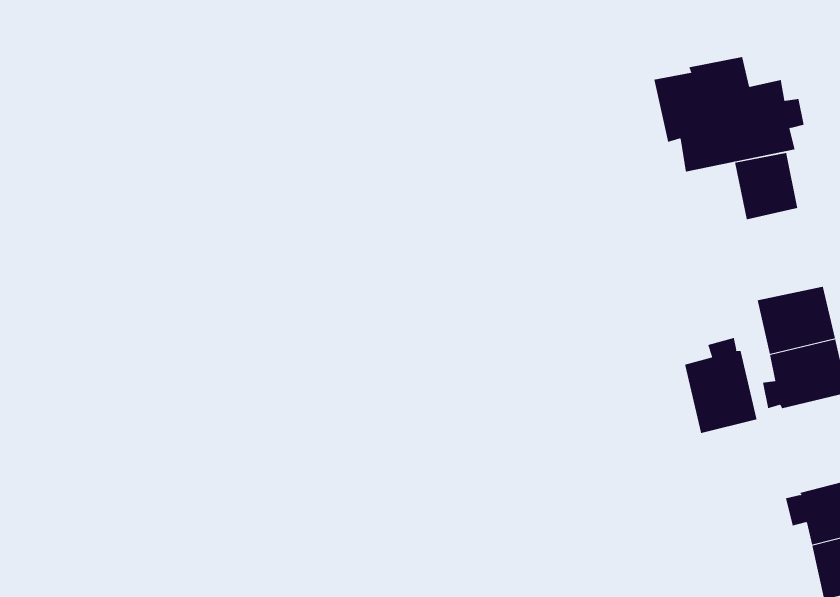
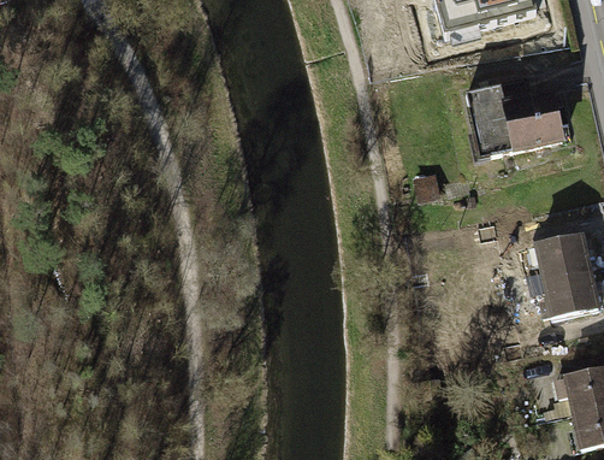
building: [734,152,798,220] -> none
building: [684,337,757,434] -> none

